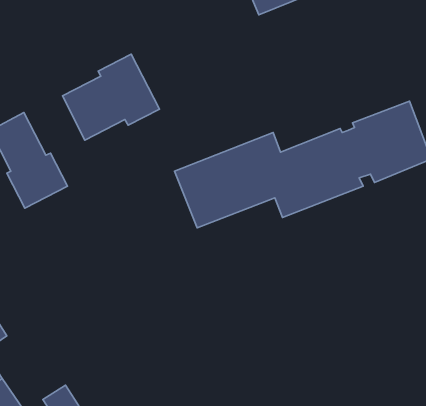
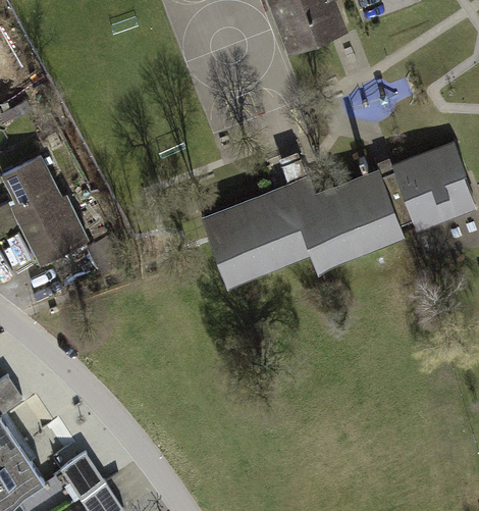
building: [62,54,160,140] -> none

